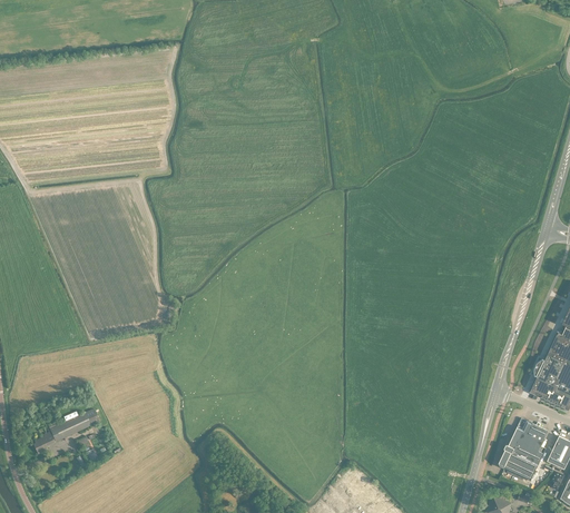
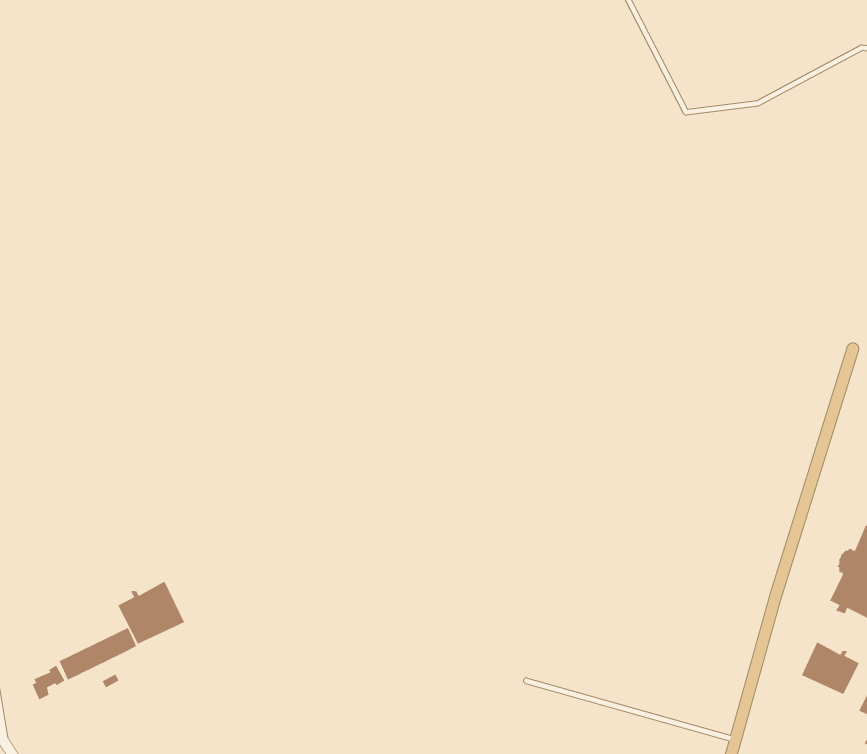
building: none -> [117,581,185,645]
building: [500,438,544,481] -> none

